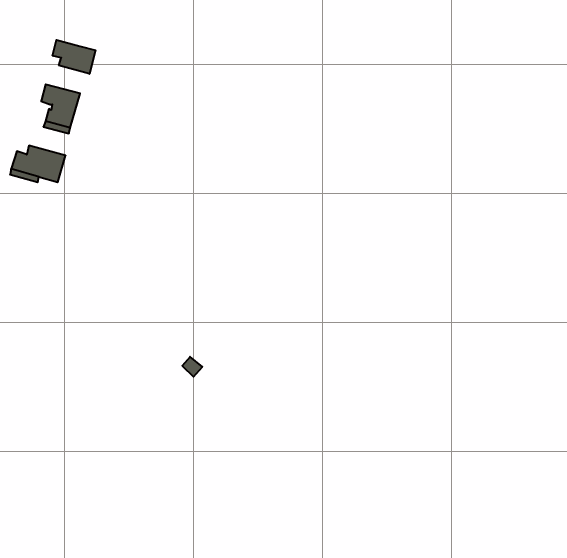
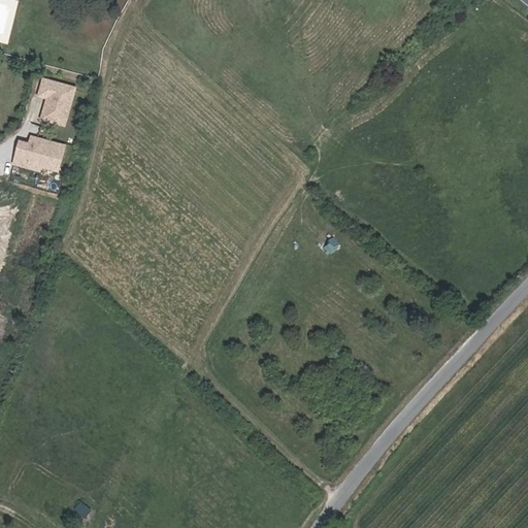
building: [53,40,96,74] -> none

